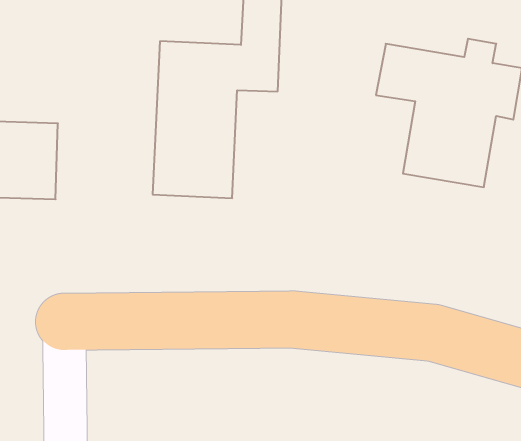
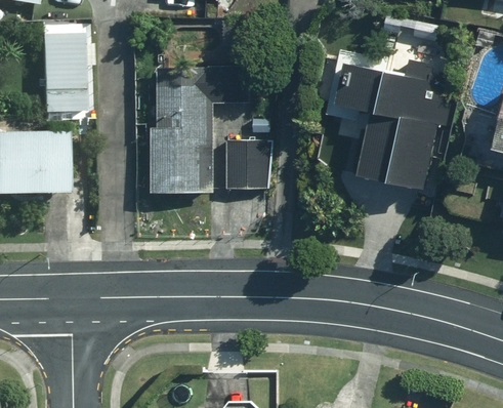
building: none -> [49,35,92,114]
building: none -> [224,128,273,192]

